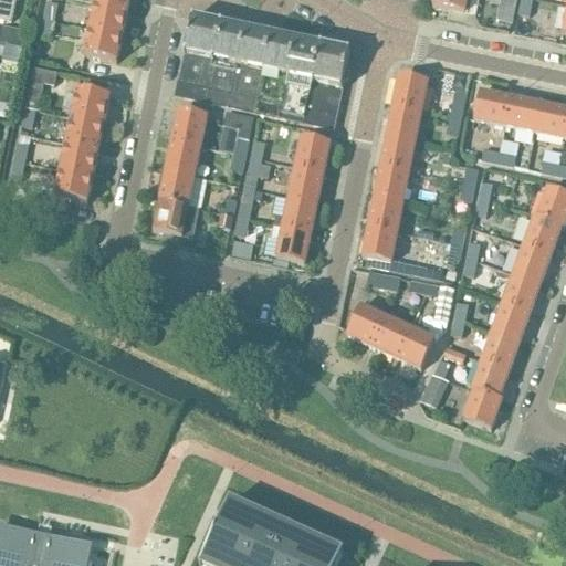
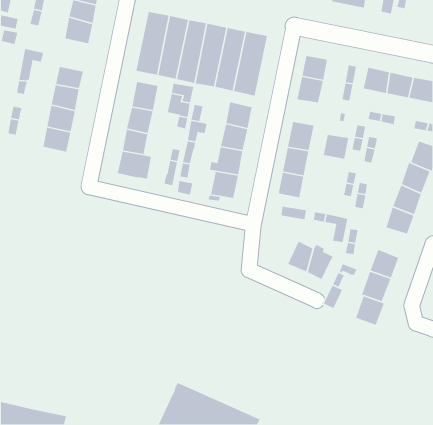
building: [381,130,416,164] -> [323,134,349,160]
building: [493,297,532,336] -> none
building: [346,302,389,345] -> none

